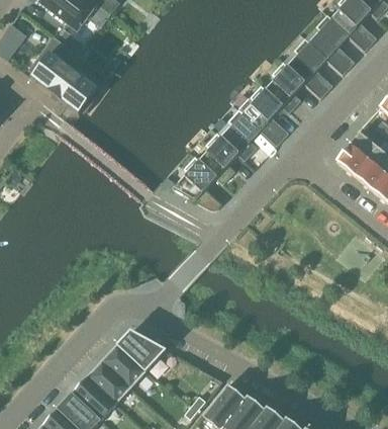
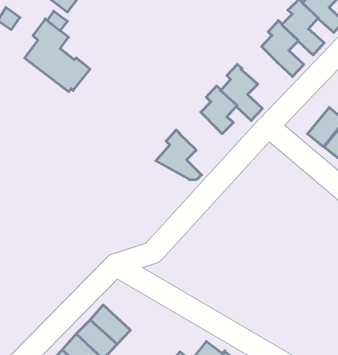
building: [265,61,304,113] -> none
building: [199,133,238,184] -> none
building: [116,330,167,372] -> none

